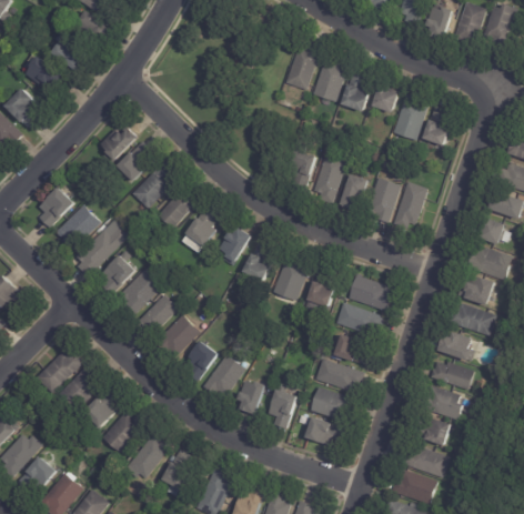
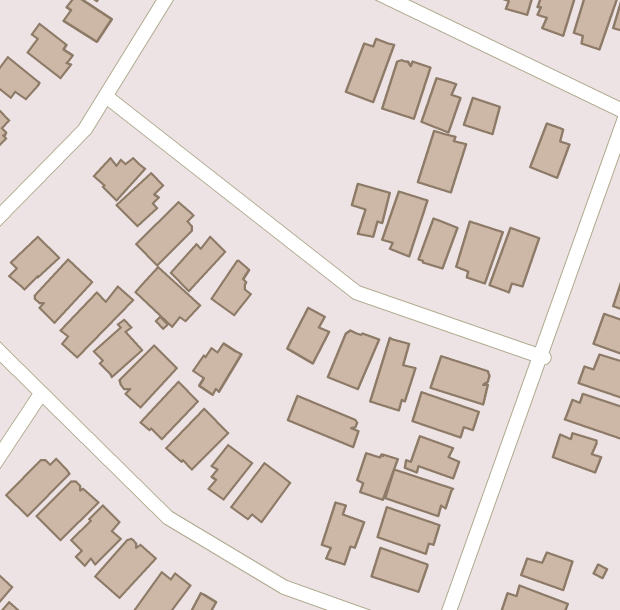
building: [392,94,427,140] -> [418,131,466,193]
building: none -> [136,267,200,327]
building: [216,228,252,265] -> [193,343,242,395]
building: none -> [288,396,359,447]
building: [429,362,473,390] -> none
building: [236,381,266,415] -> [357,453,398,500]
building: [422,385,463,421] -> none

